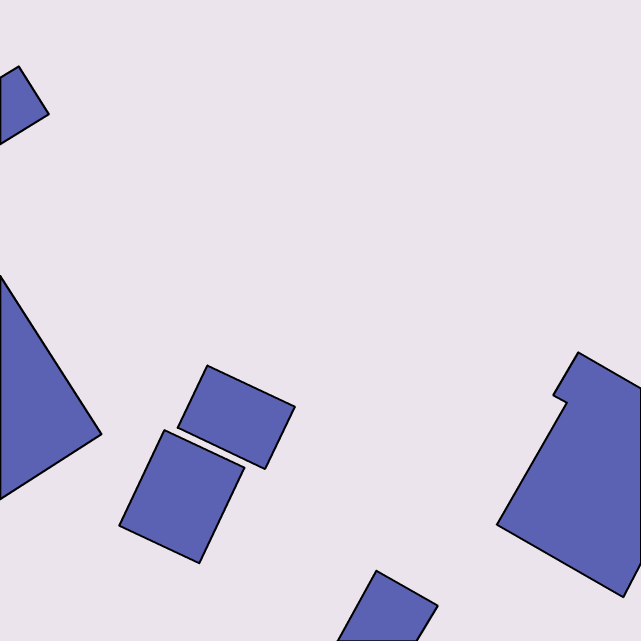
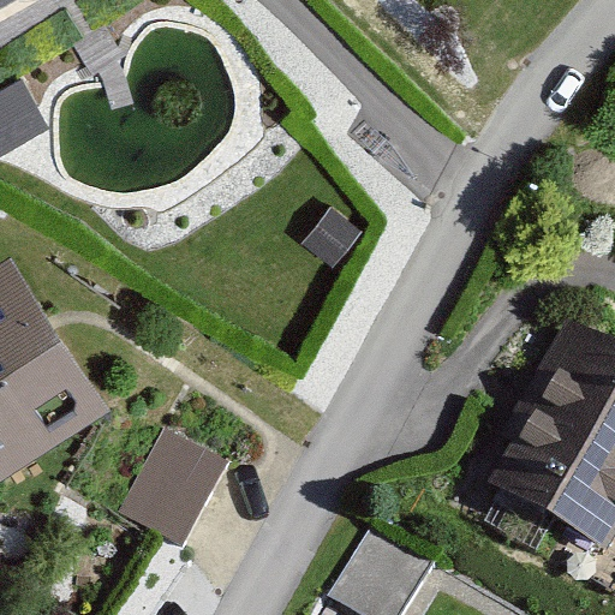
building: [178,365,295,469] -> none

